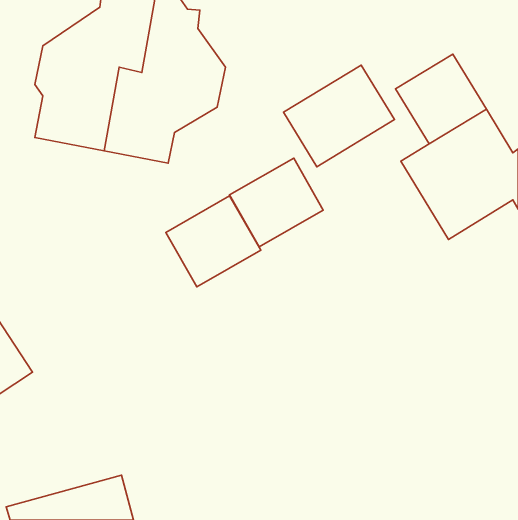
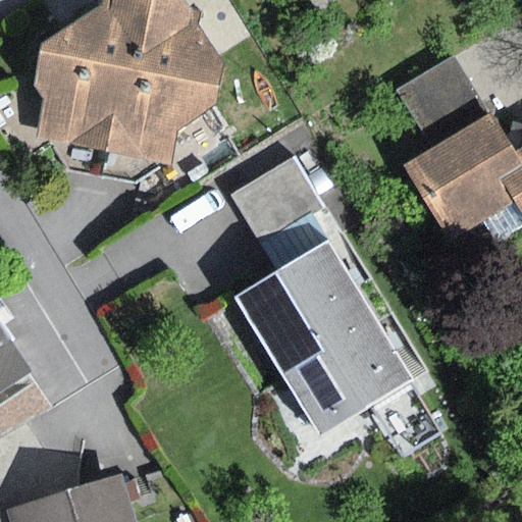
building: [284,65,395,167] -> none
building: [166,196,261,287] -> none
building: none -> [234,240,415,435]

